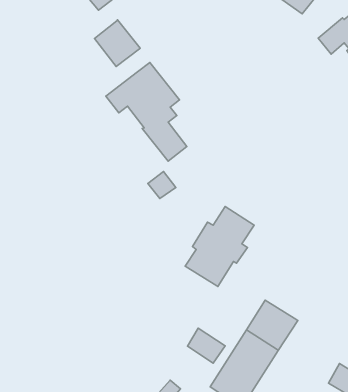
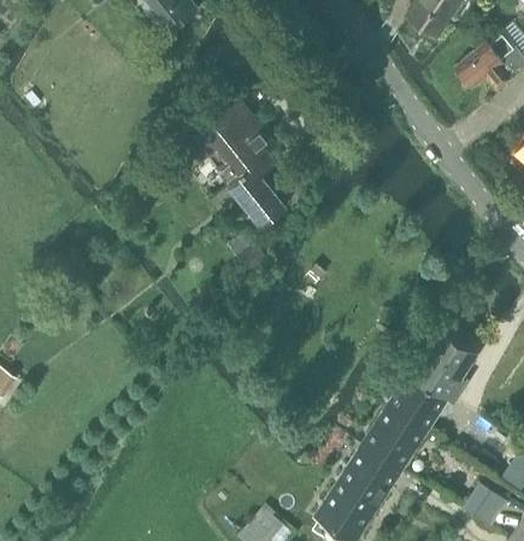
building: [94,20,140,67] -> none
building: [185,206,254,287] -> [387,328,476,431]
building: [187,328,225,363] -> none

